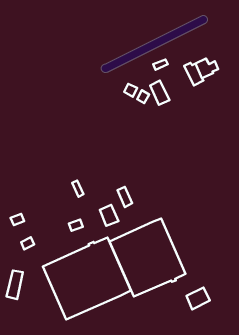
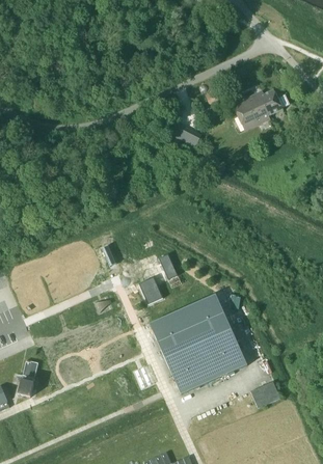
building: [150,81,170,105] -> [233,99,258,130]
building: [43,238,131,319] -> none

